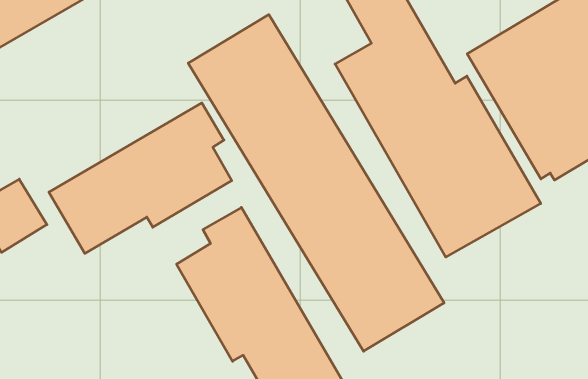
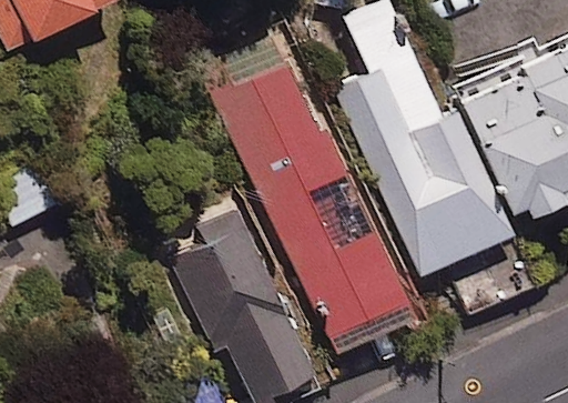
building: [49,103,232,253] -> none

